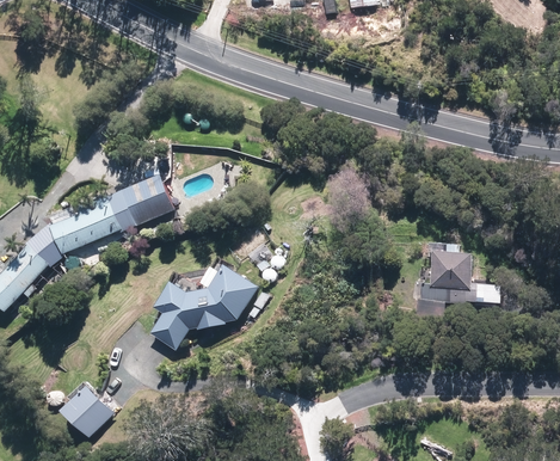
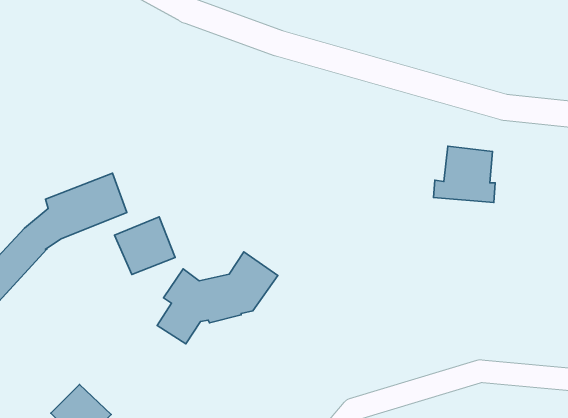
building: [119,173,174,226] -> [115,217,175,275]
building: [420,250,476,301] -> [433,146,495,203]

